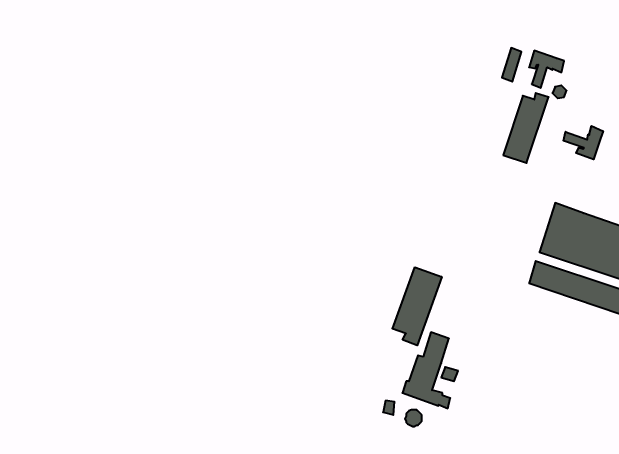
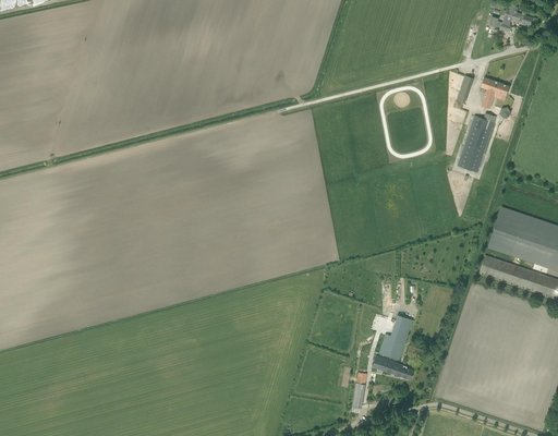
building: [563,126,603,159] -> none
building: [392,267,442,345] -> none

